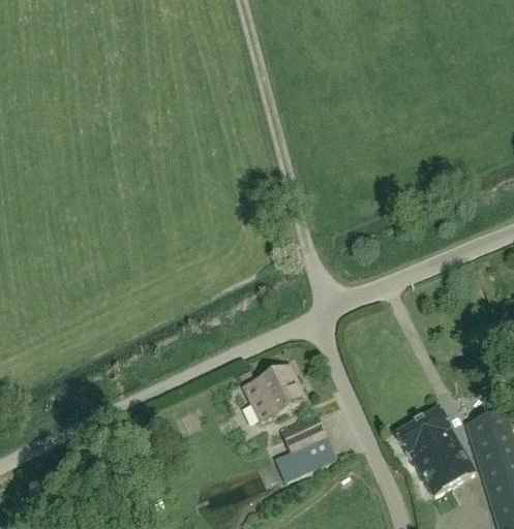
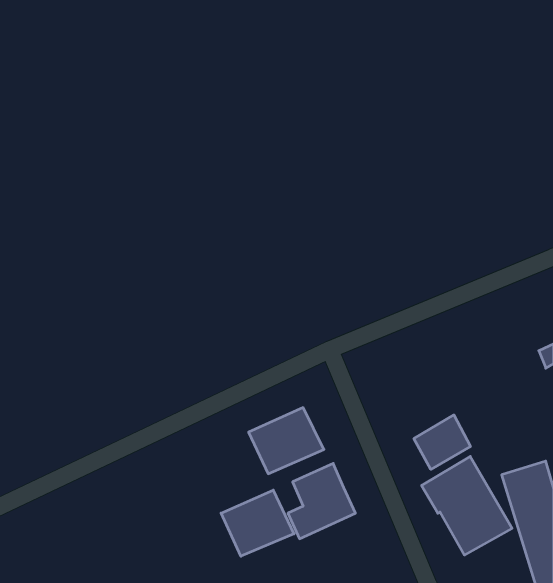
building: none -> [414,415,470,469]
building: none -> [221,490,294,556]

